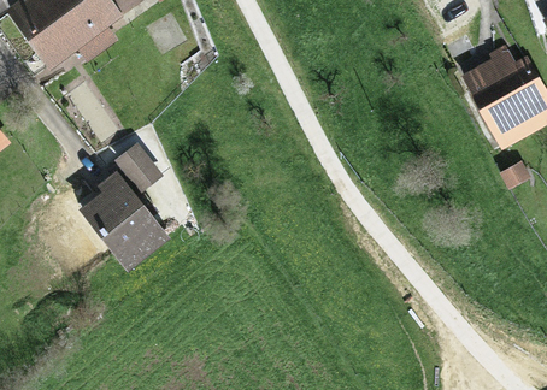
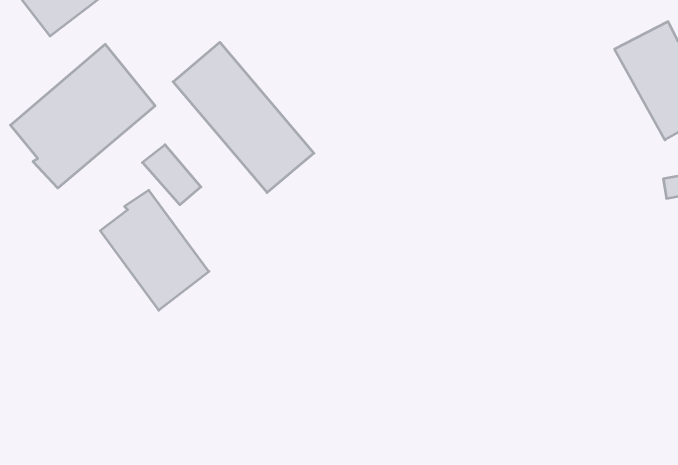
building: none -> [173,42,314,193]
building: none -> [10,44,155,188]

